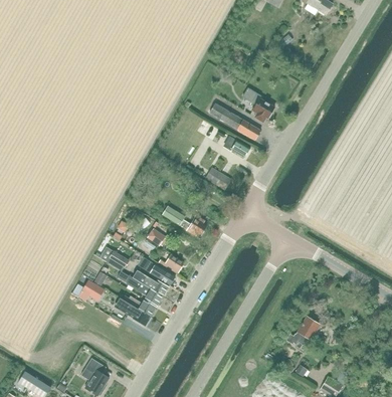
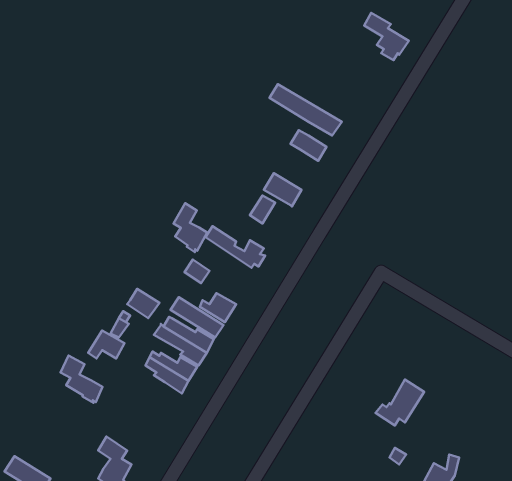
building: [241,87,273,122] -> [364,13,409,60]
building: none -> [173,203,207,252]
building: none -> [60,355,103,403]

